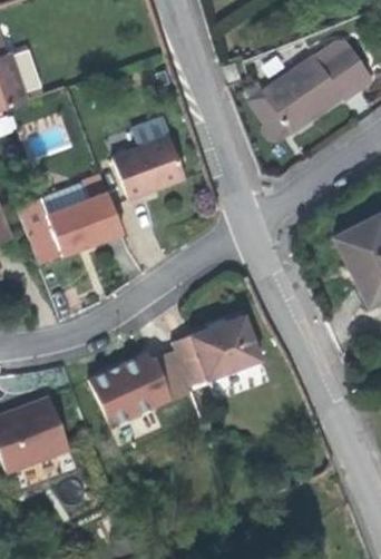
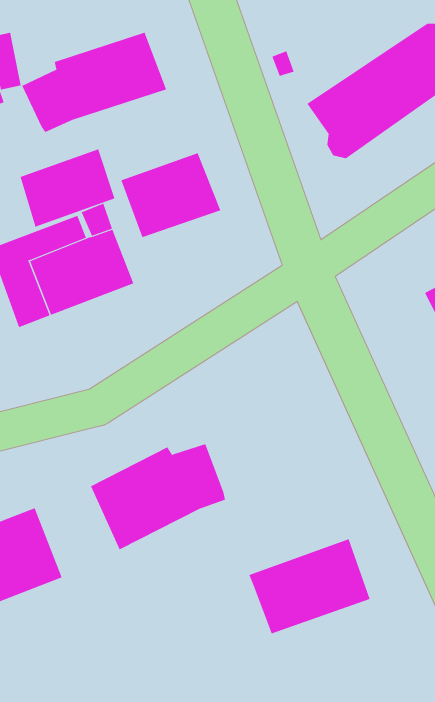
building: none -> [21,32,167,133]
building: none -> [20,149,115,227]
building: [172,315,261,385] -> [248,538,370,634]

